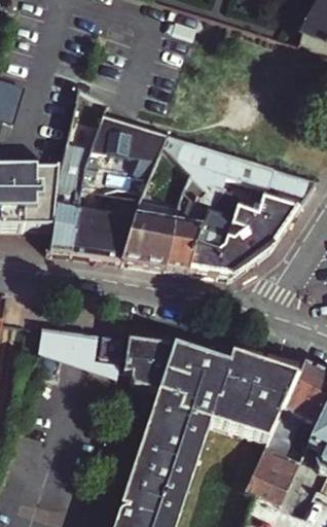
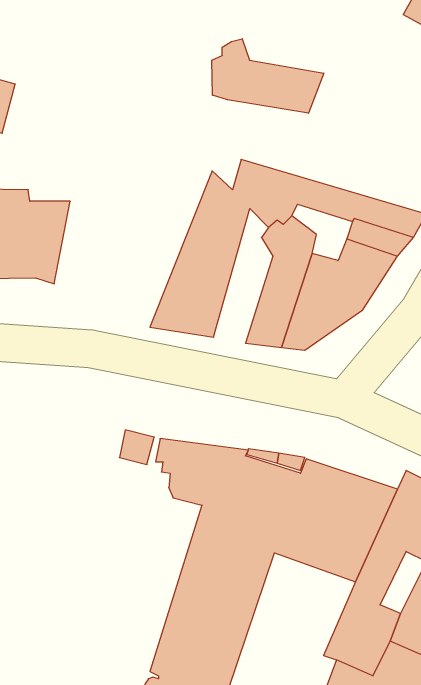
building: none -> [212,39,324,113]
building: [49,117,185,260] -> none
building: [166,176,208,272] -> none
building: [39,327,119,379] -> none

